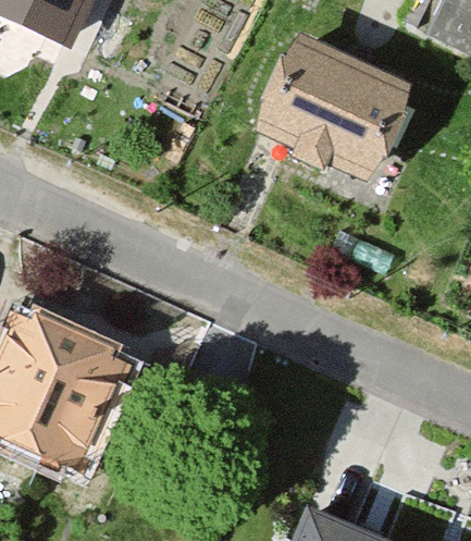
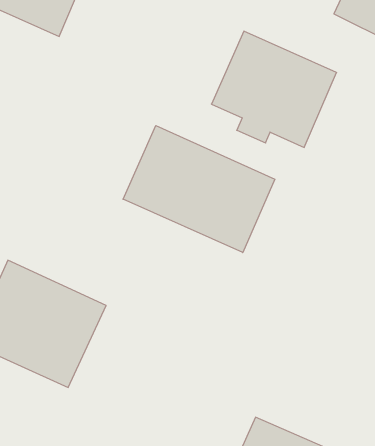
building: none -> [123,126,275,253]

